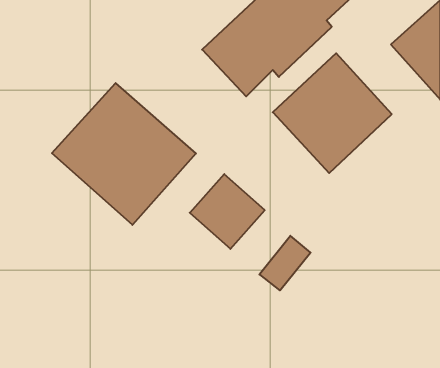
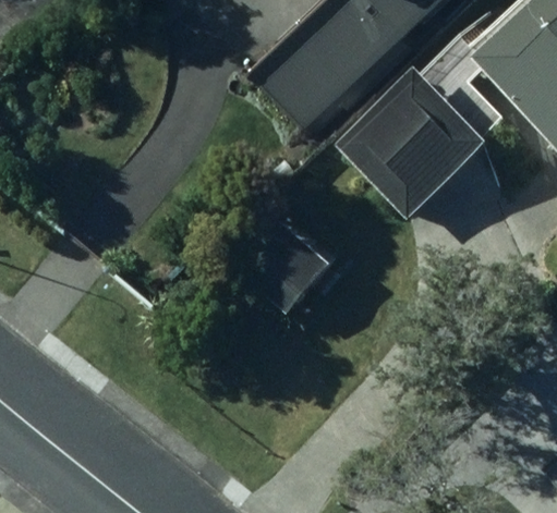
building: [52,83,196,225] -> none

